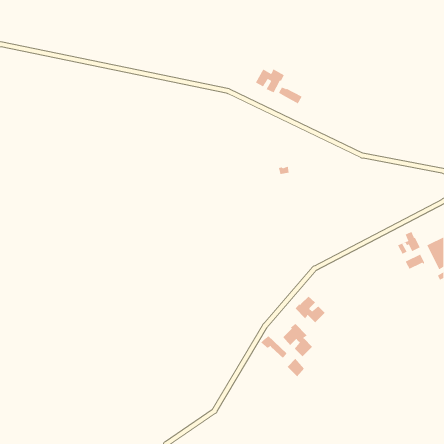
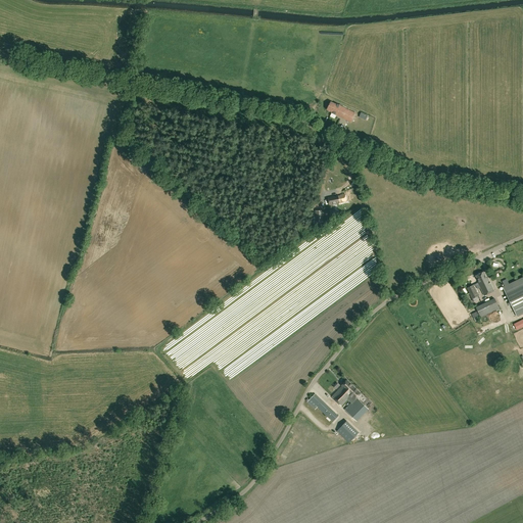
building: [255,69,284,93] -> none
building: [295,296,325,323] -> none

